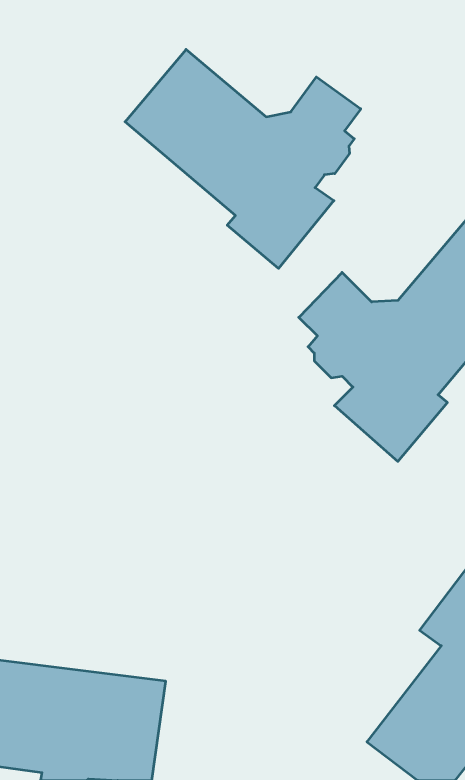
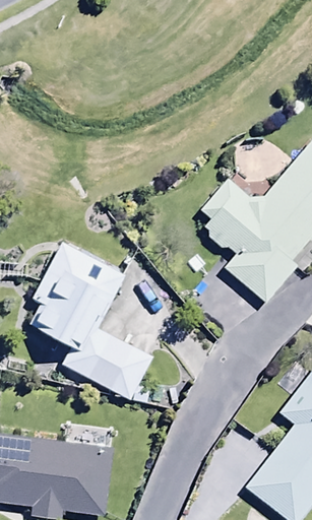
building: [125,49,361,268] -> none
building: none -> [28,242,152,404]

